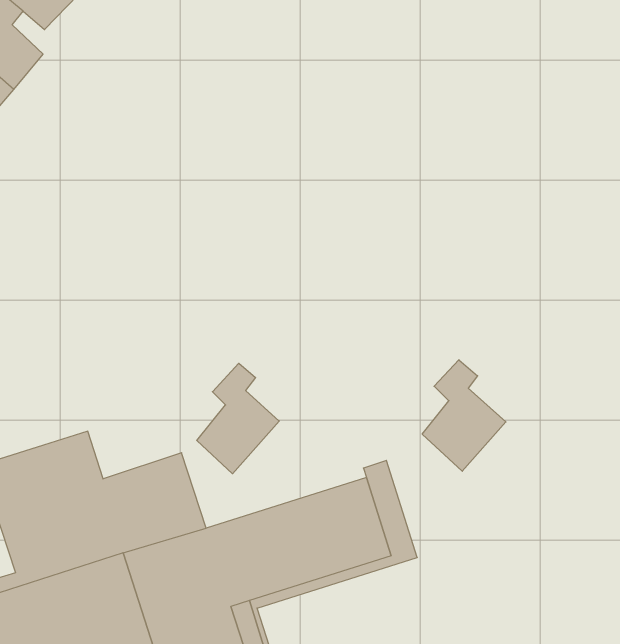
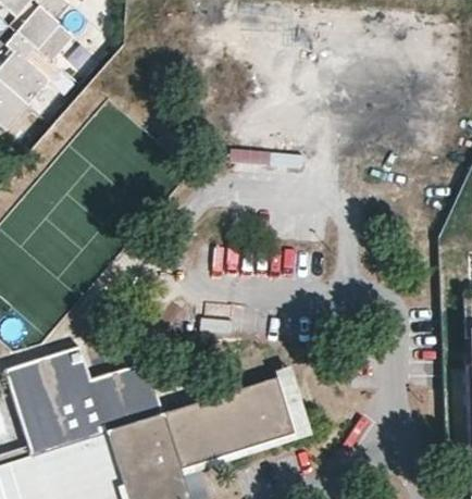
building: [422,360,506,471] -> none
building: [197,363,279,474] -> none

